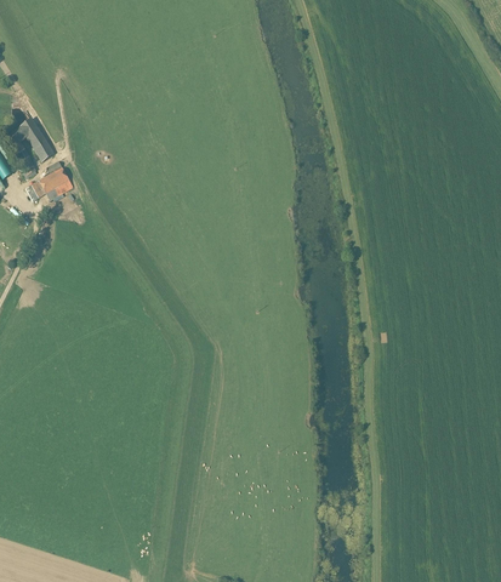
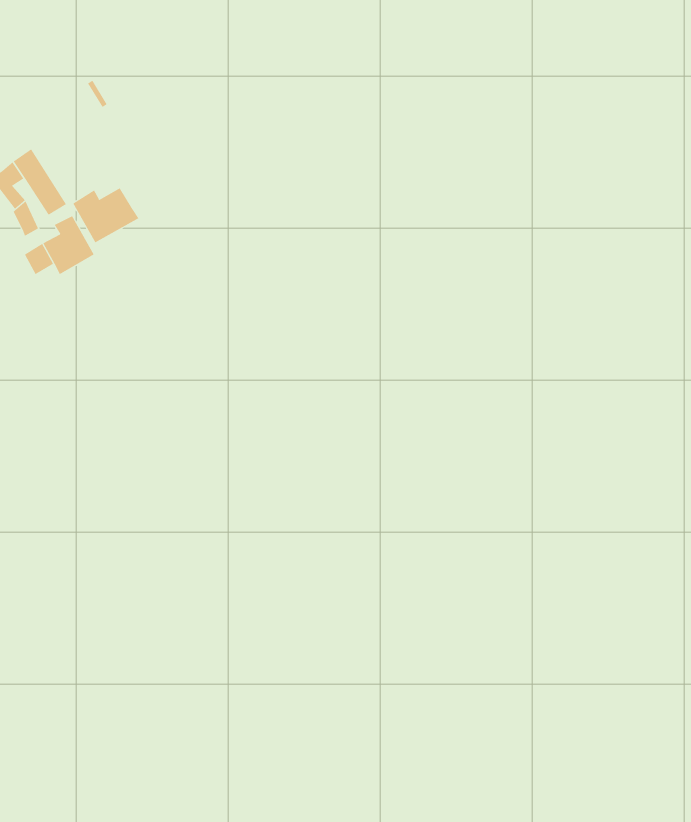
building: none -> [73,187,139,243]

